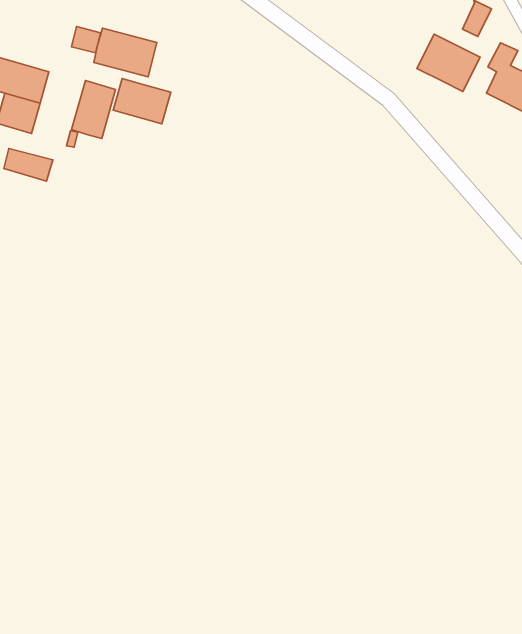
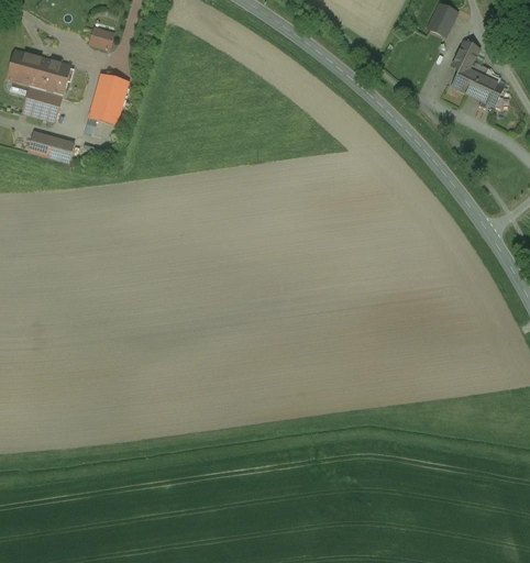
building: [94,28,157,77] -> none
building: [417,34,480,91] -> none
building: [113,79,171,124] -> none

